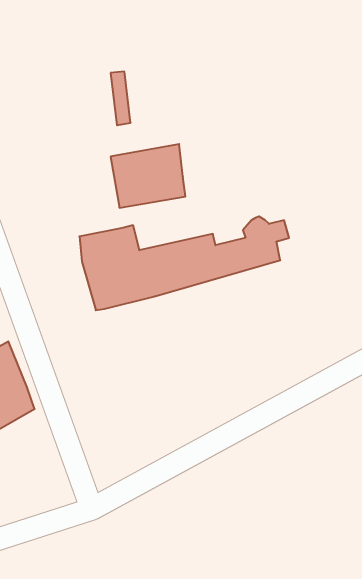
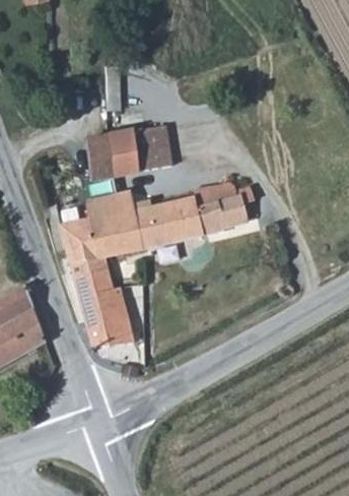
building: none -> [82,134,116,181]
building: none -> [59,220,132,347]

